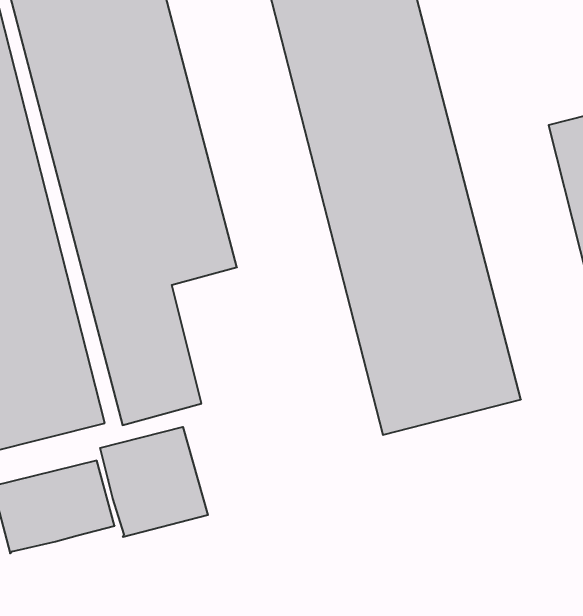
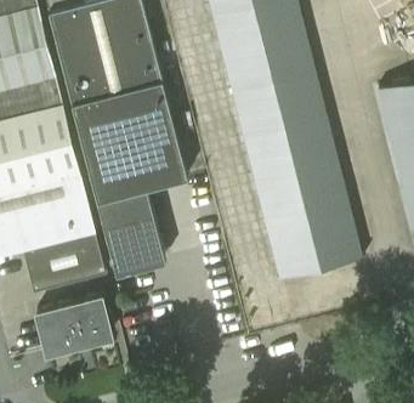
building: [100,427,208,537] -> none

